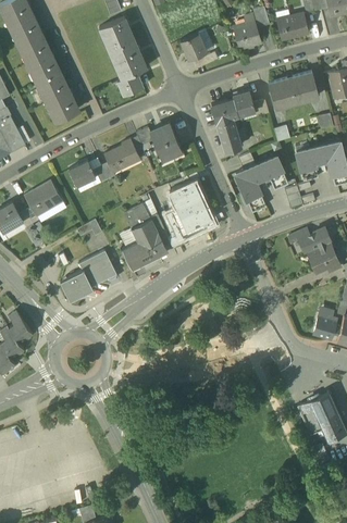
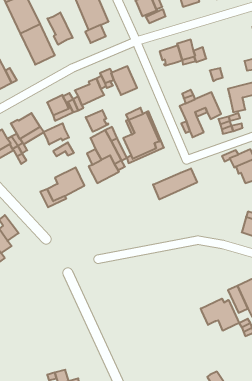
building: none -> [47,12,73,45]
building: [268,73,318,108] -> none
building: [216,117,240,151] -> none
building: none -> [86,110,108,132]
building: none -> [44,123,69,145]
building: none -> [153,168,197,199]
building: none -> [201,299,239,331]

